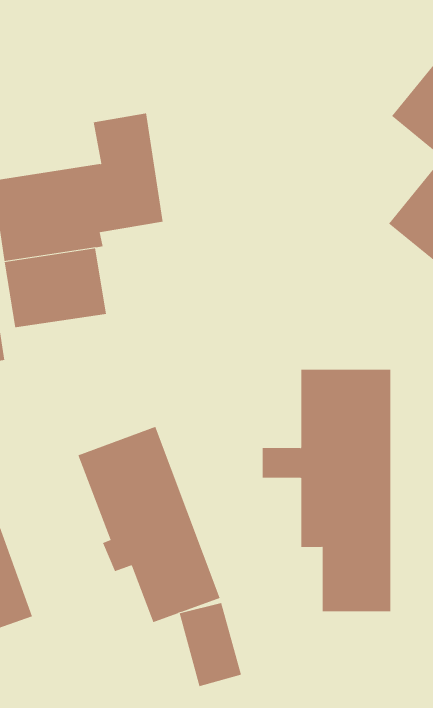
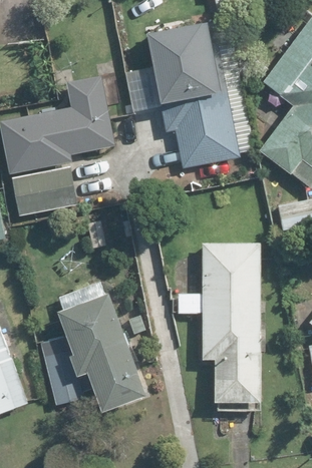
building: none -> [141,20,237,167]
building: [179,603,242,687] -> [41,351,82,406]

